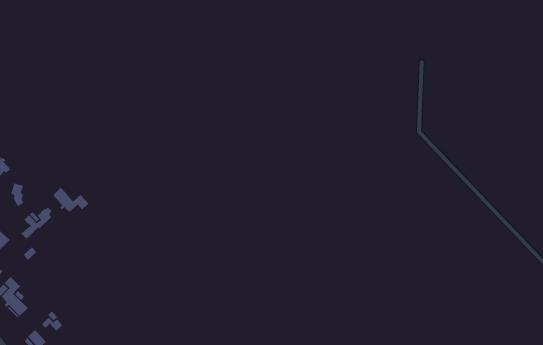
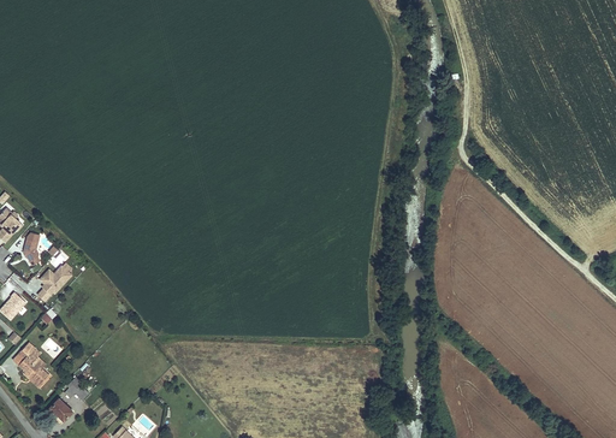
building: [53,187,89,213] -> none

